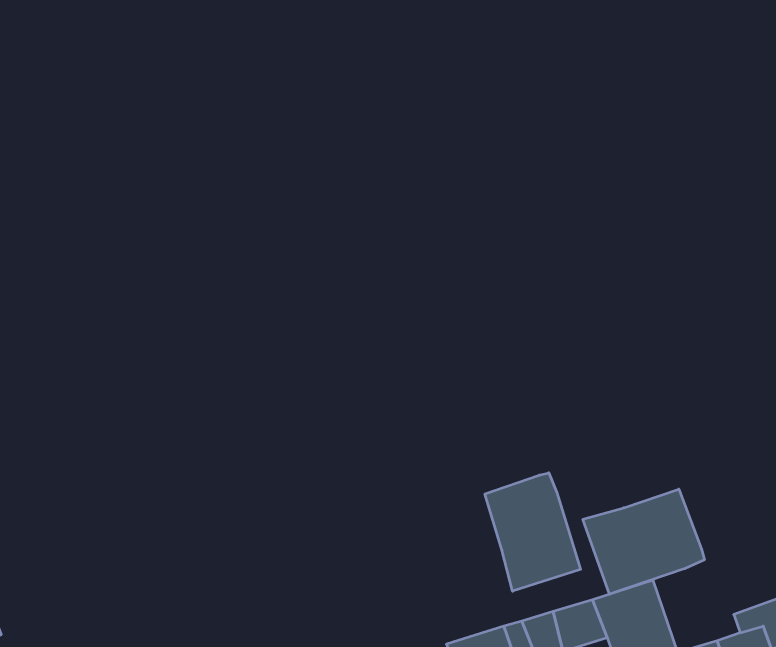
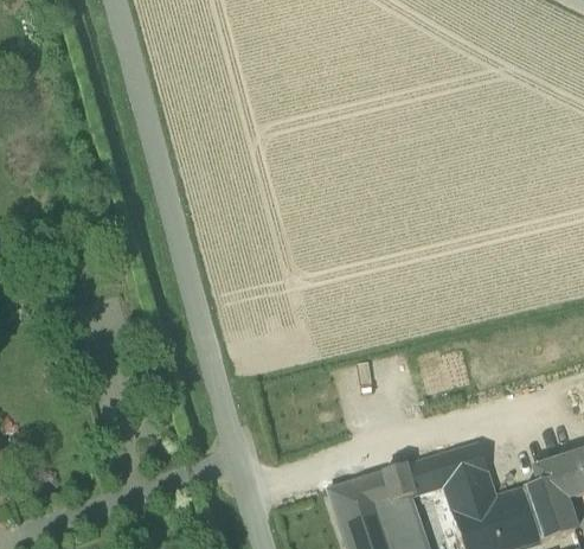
building: [485,473,581,591] -> none
building: [583,489,704,594] -> none

